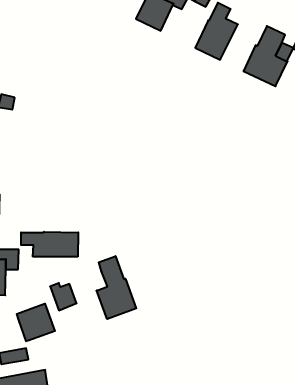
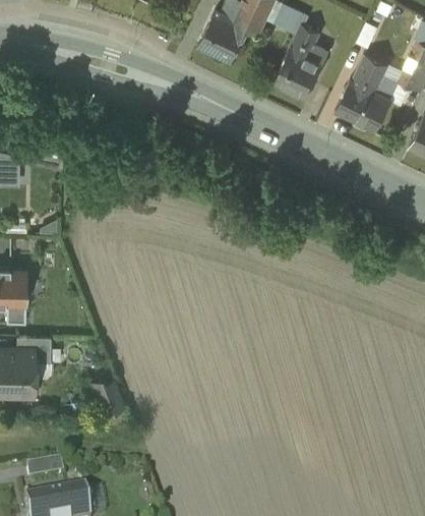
building: [21,232,78,257] -> none
building: [97,256,136,319] -> none
building: [17,304,55,341] -> none

